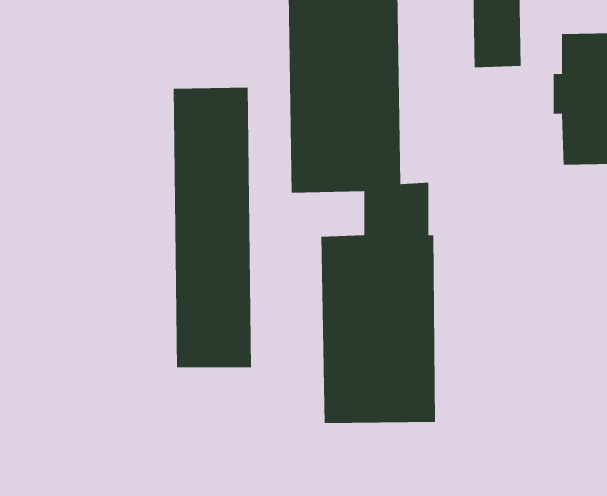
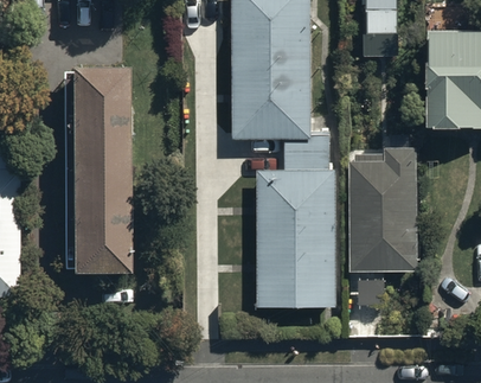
building: [173,87,252,368] -> [69,62,126,264]
building: none -> [347,158,419,269]

